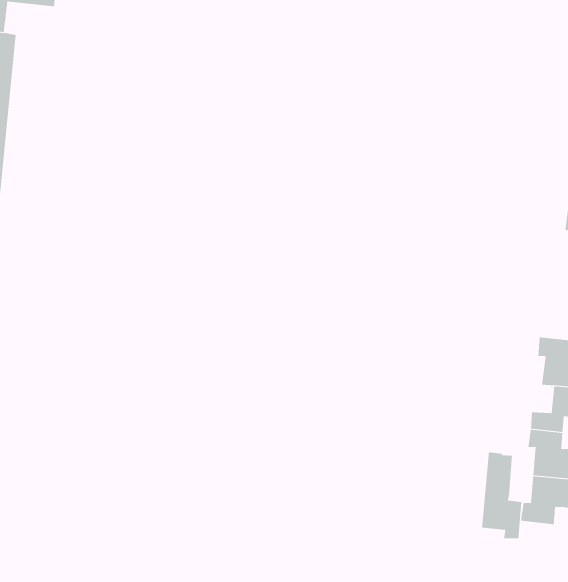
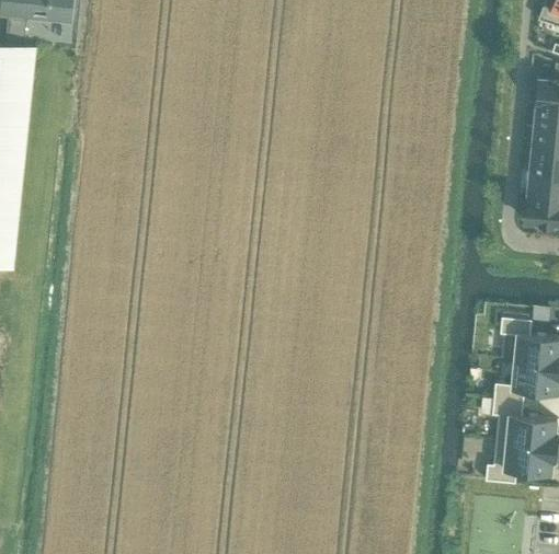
building: [481,451,522,539] -> none

